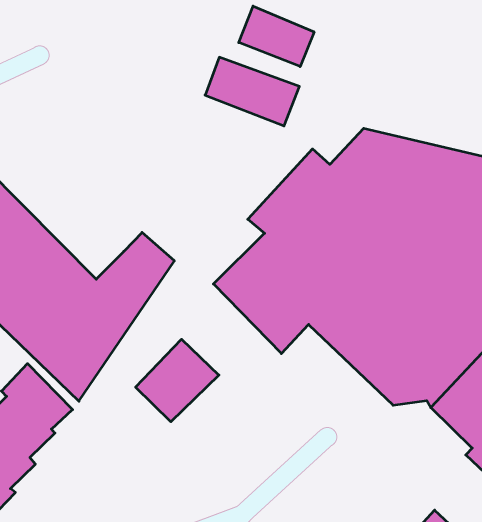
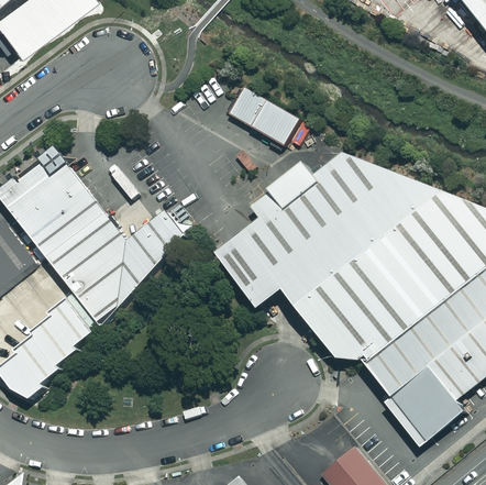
building: [239,6,314,67] -> none
building: [136,339,219,422] -> none

